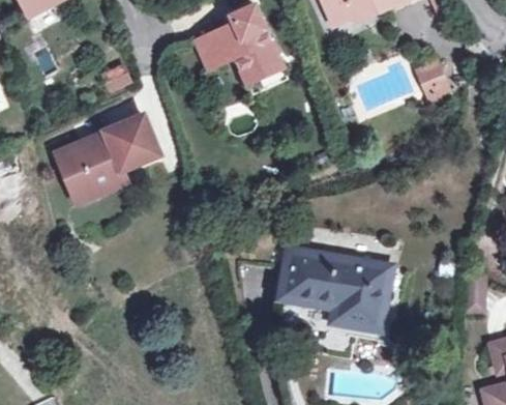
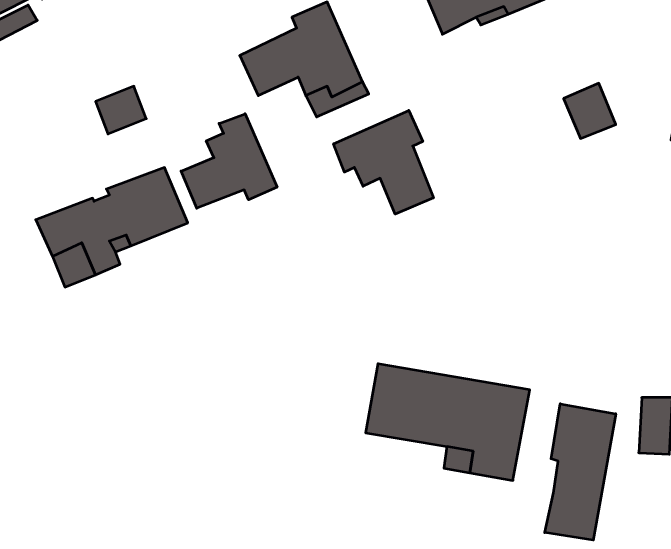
building: none -> [334,110,433,214]
building: none -> [181,114,277,208]
building: none -> [545,404,616,540]

